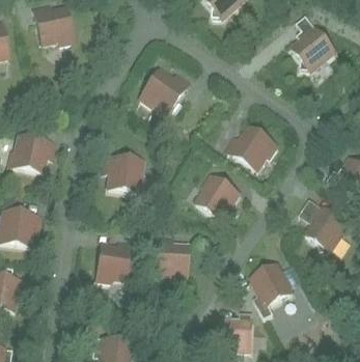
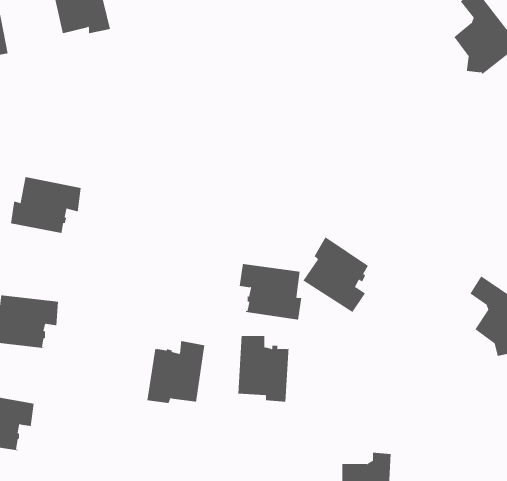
building: [140,67,189,111] -> none
building: [227,124,278,168] -> none
building: [104,155,144,191] -> [239,263,302,320]
building: [252,261,293,316] -> none

